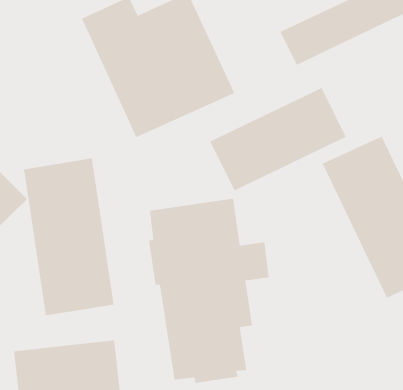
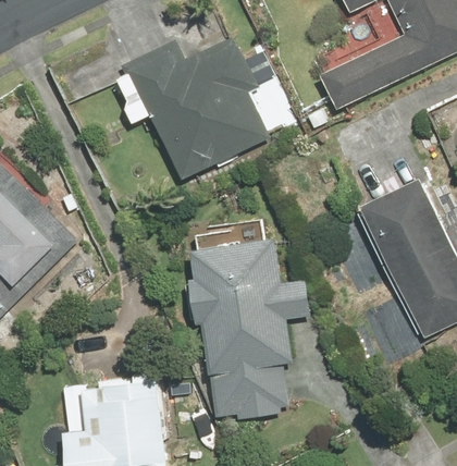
building: [210,87,347,191] -> none
building: [24,158,114,316] -> none

